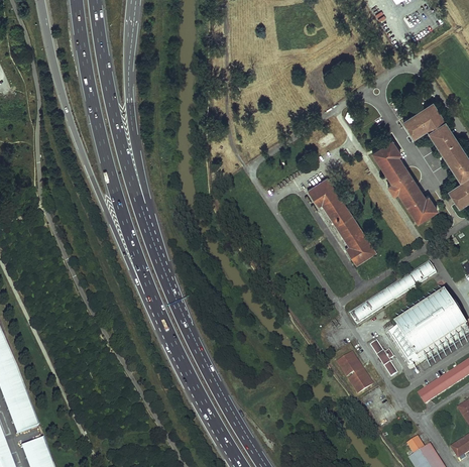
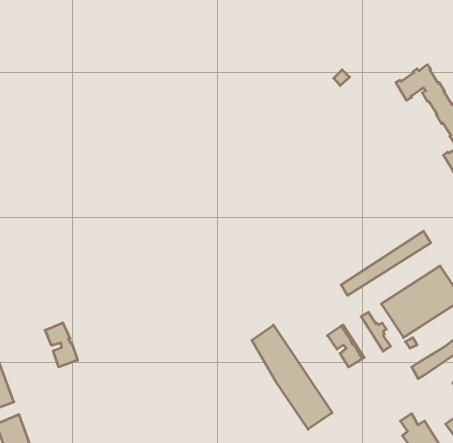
building: [371,139,437,222] -> none
building: [307,178,375,265] -> none
building: none -> [45,323,78,367]
building: none -> [252,325,332,429]

